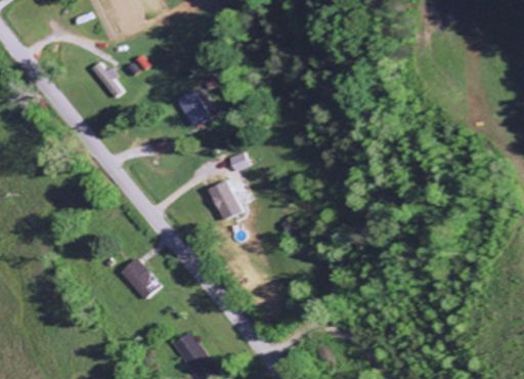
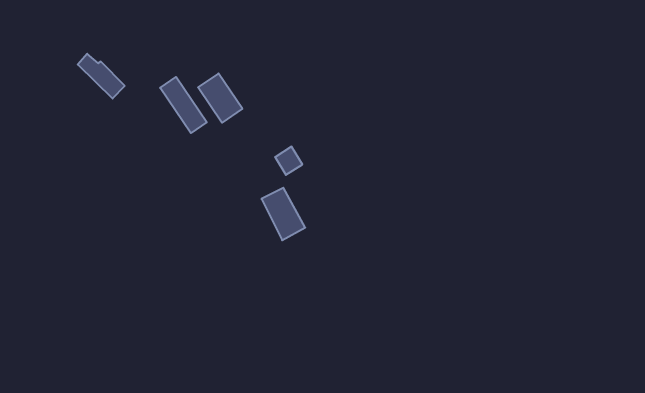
building: none -> [160,77,207,133]
building: [122,257,164,298] -> none

